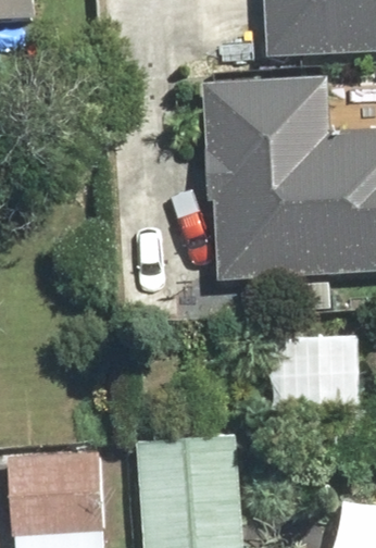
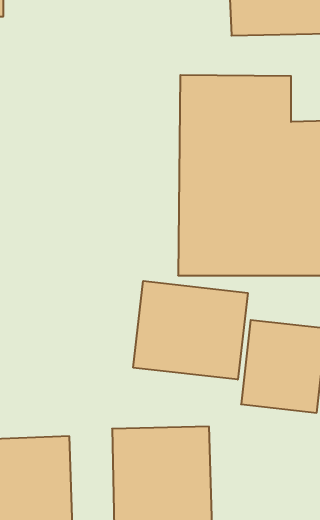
building: none -> [133,281,248,380]

